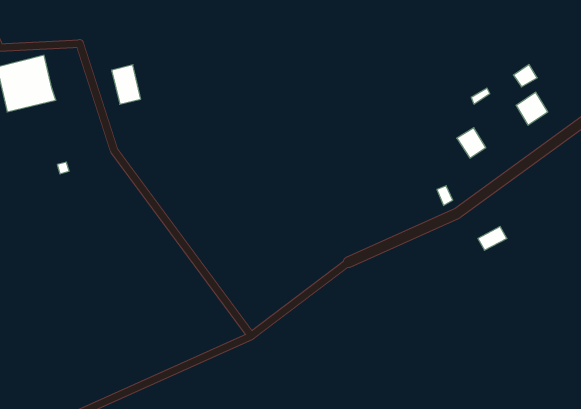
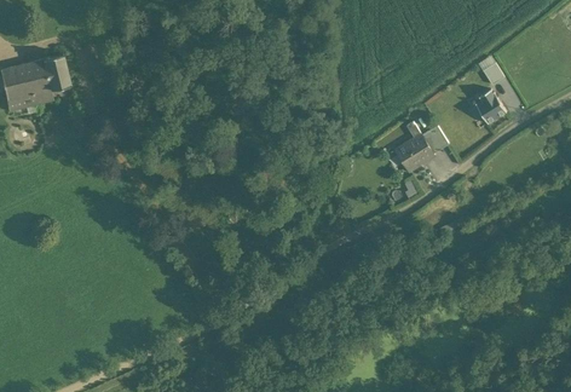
building: [112,65,141,104] -> [42,53,69,90]
building: none -> [394,121,433,172]

